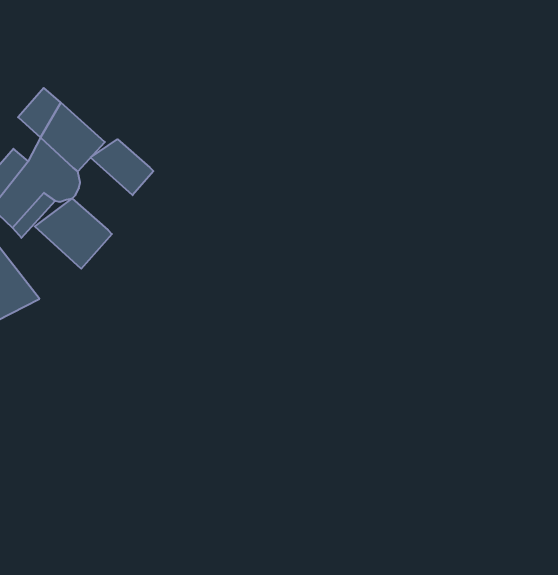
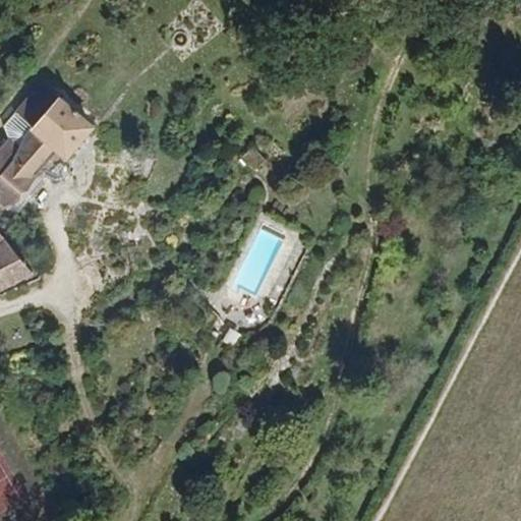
building: [91,139,153,195] -> none
building: [35,198,112,269] -> none

